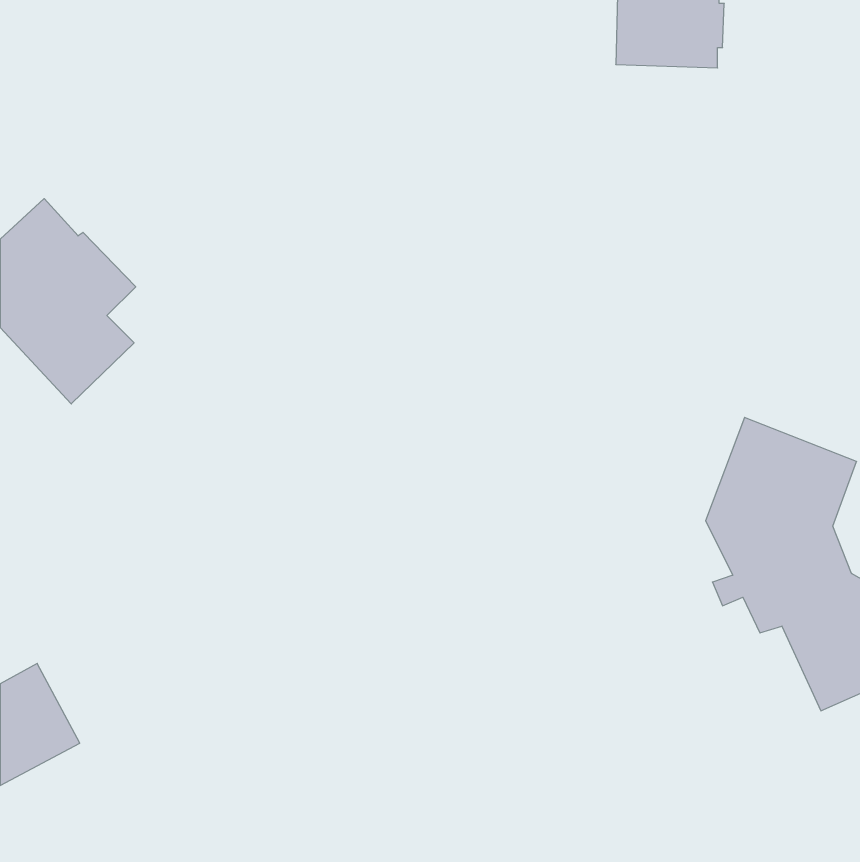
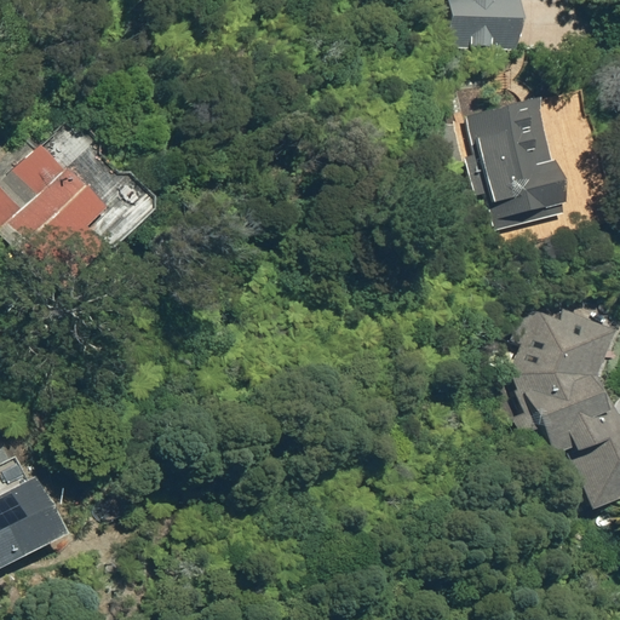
building: none -> [469,94,568,229]

